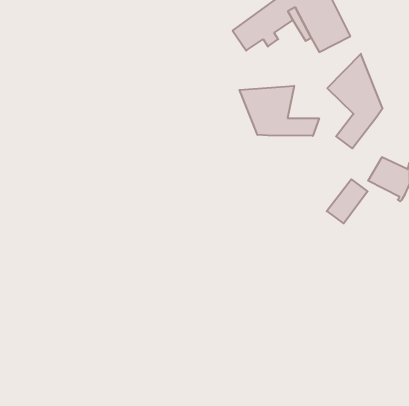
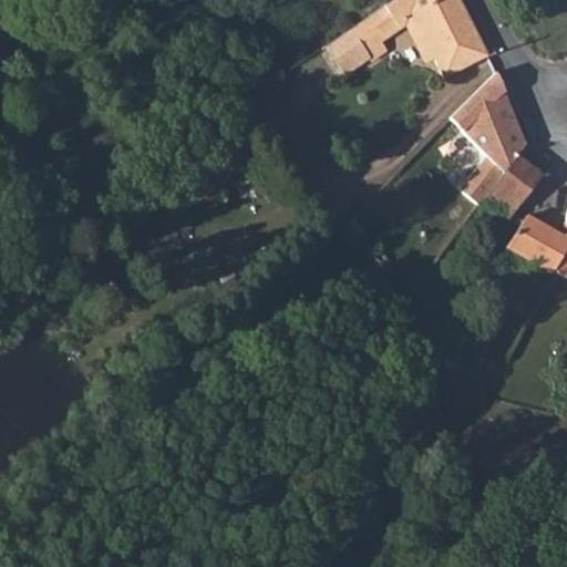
building: [239,86,319,136] -> none
building: [327,179,368,223] -> [487,161,544,221]

